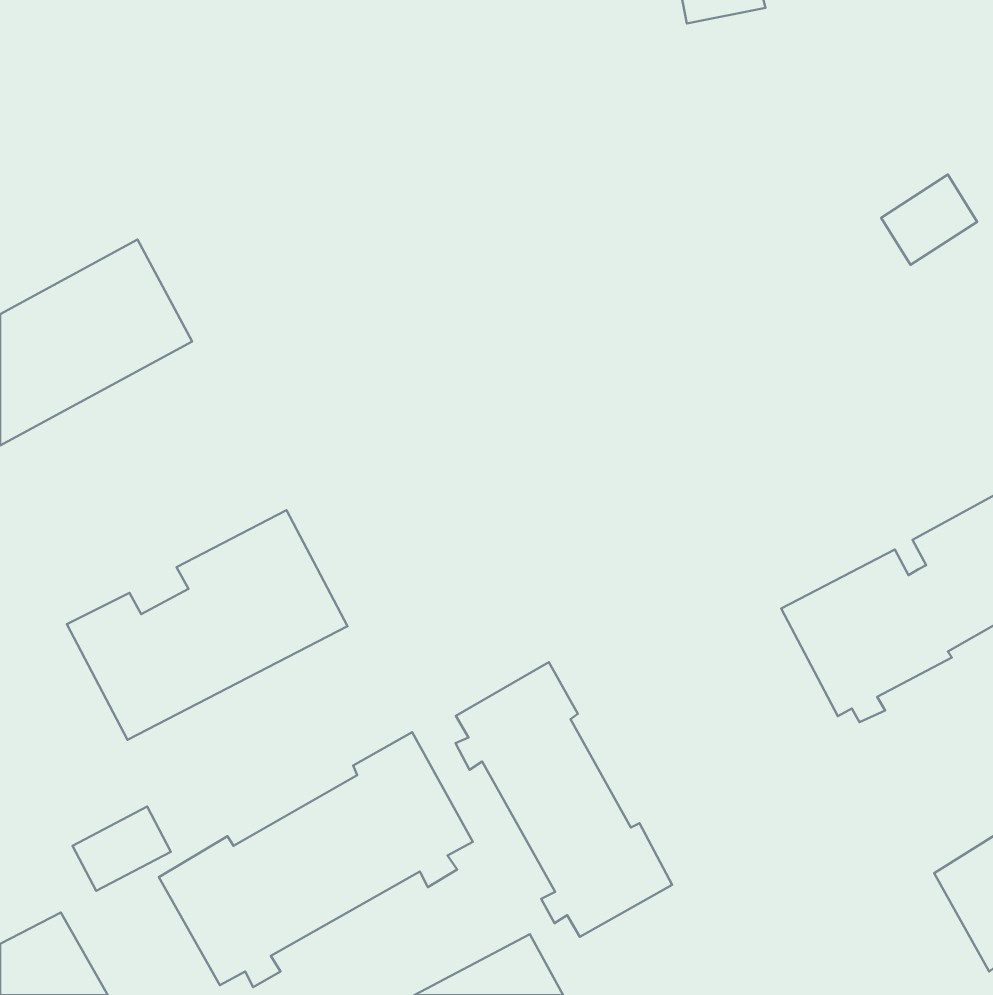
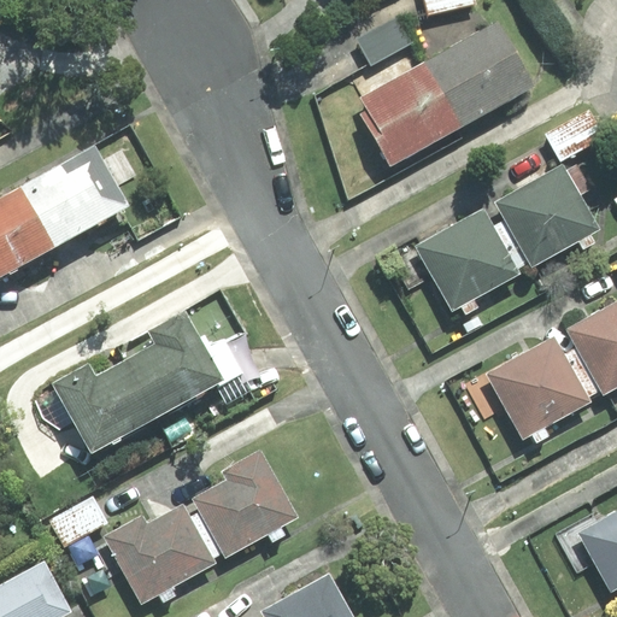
building: none -> [351,14,531,168]
building: none -> [410,164,603,317]
building: [455,662,672,937] -> none

